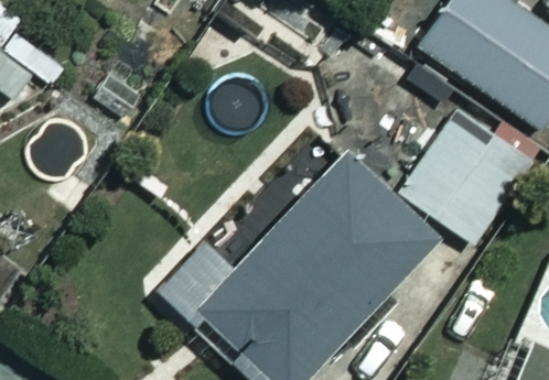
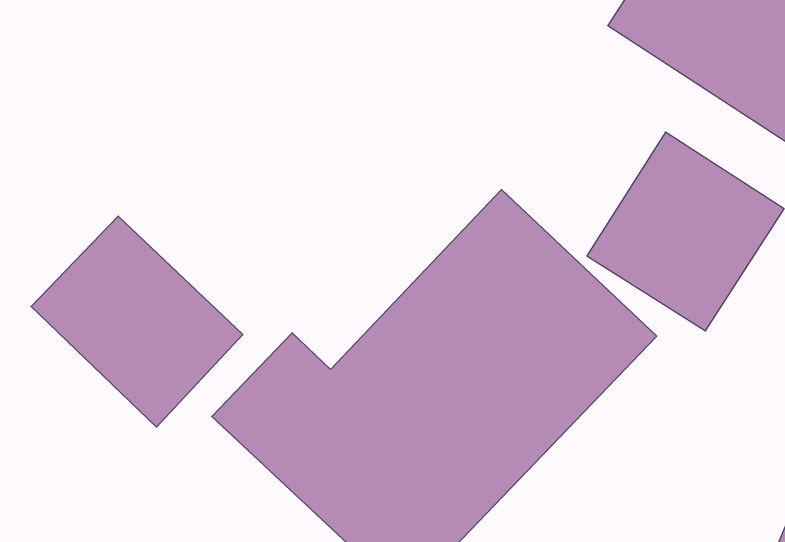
building: none -> [31,216,243,427]

